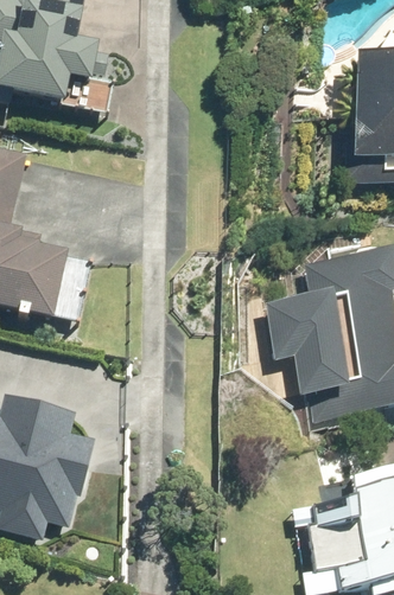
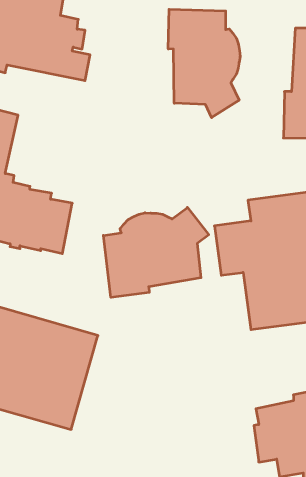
building: none -> [168,9,240,118]
building: none -> [103,207,209,297]

